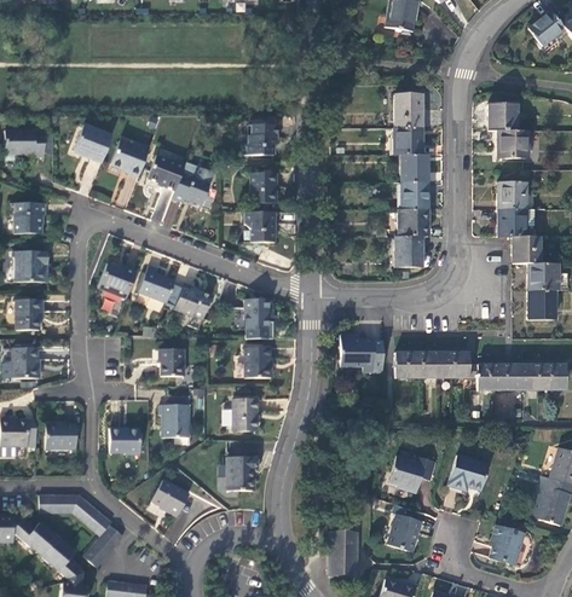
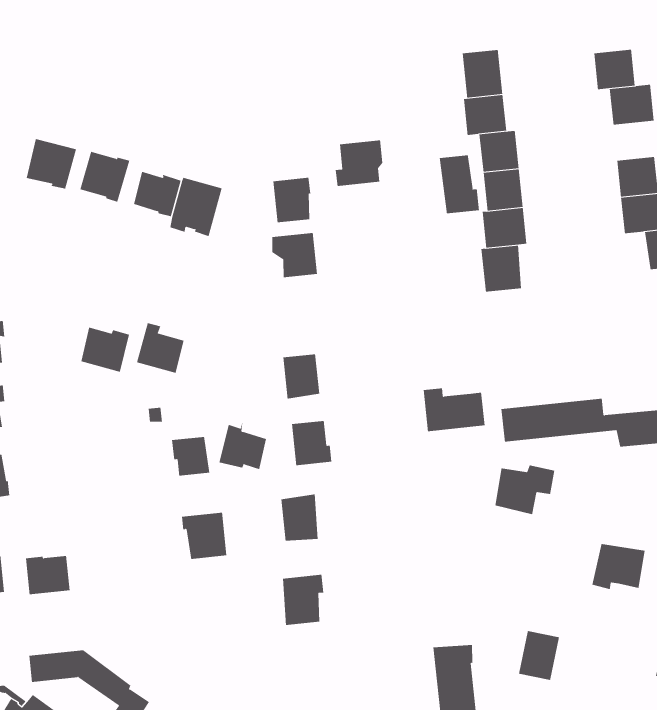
building: [243,124,278,155] -> [335,140,383,186]
building: none -> [439,155,480,214]
building: [175,282,212,317] -> [219,423,267,470]
building: [110,428,139,454] -> none
building: [391,456,437,492] -> [495,465,555,515]
building: [151,480,187,516] -> none

